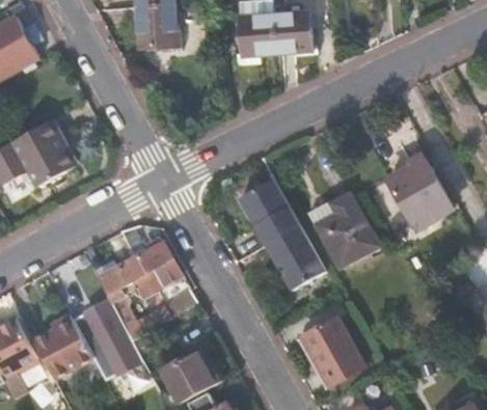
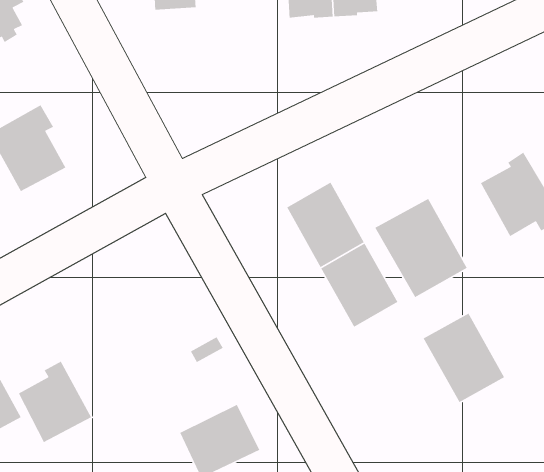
building: [98,241,181,294] -> none
building: [71,299,143,383] -> none
building: [301,316,364,385] -> [423,312,505,403]

